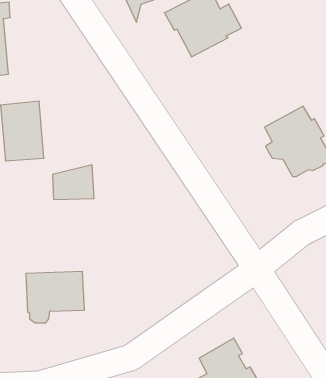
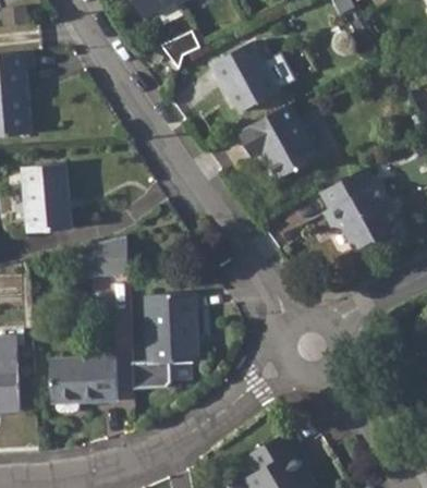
building: none -> [237,105,318,179]
building: none -> [132,292,196,388]

